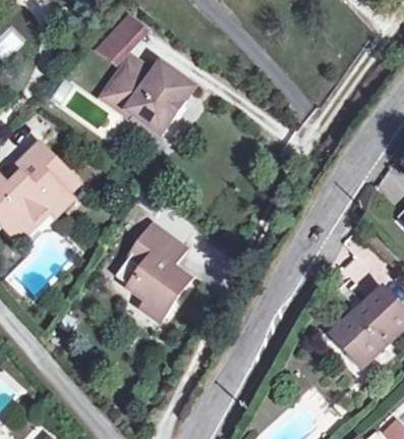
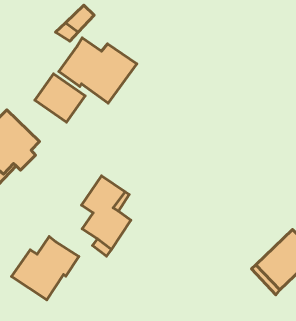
building: none -> [35,74,85,122]
building: none -> [12,236,79,300]

